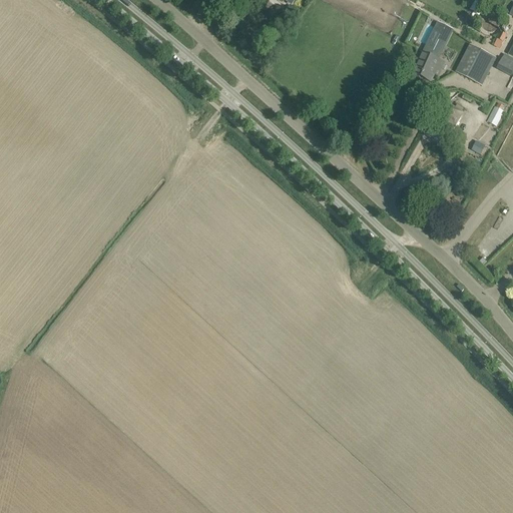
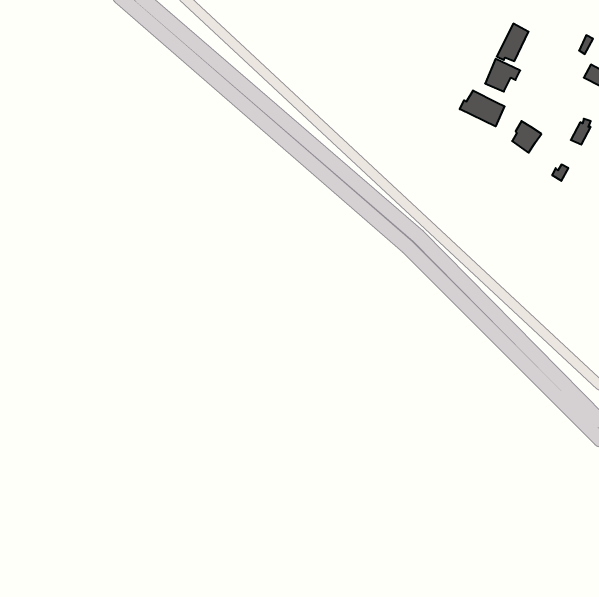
building: [460,43,489,79] -> none
building: none -> [460,90,505,126]

